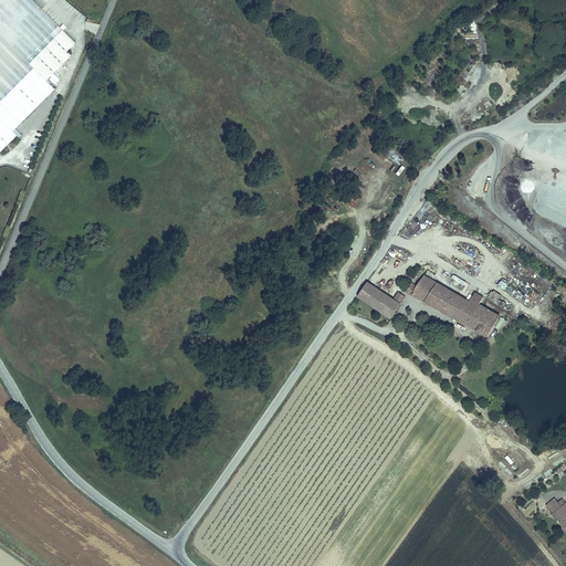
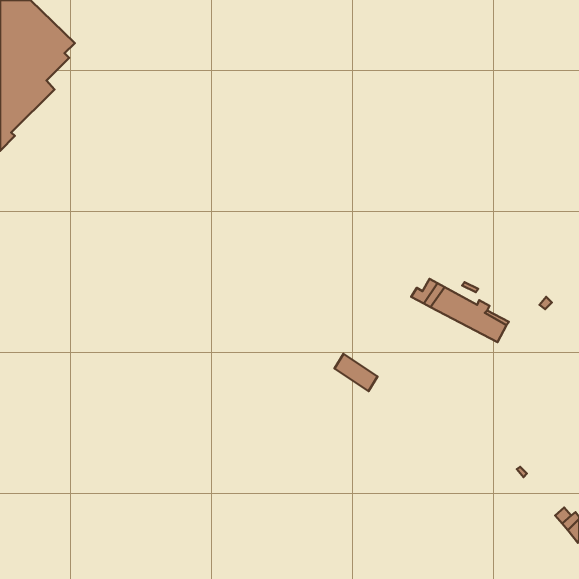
building: [359,284,401,321] -> [334,354,377,391]

